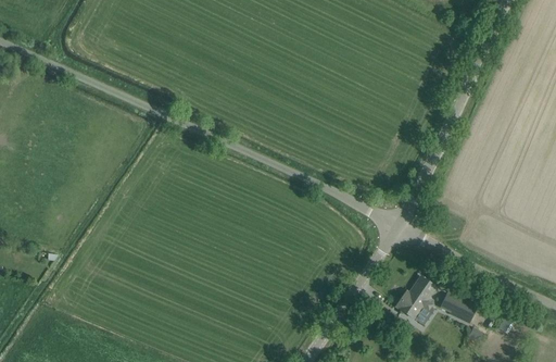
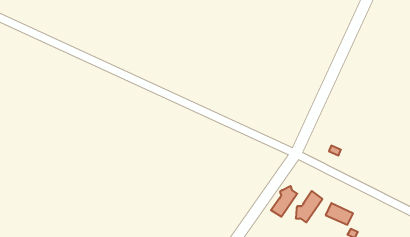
building: none -> [271,186,297,217]

